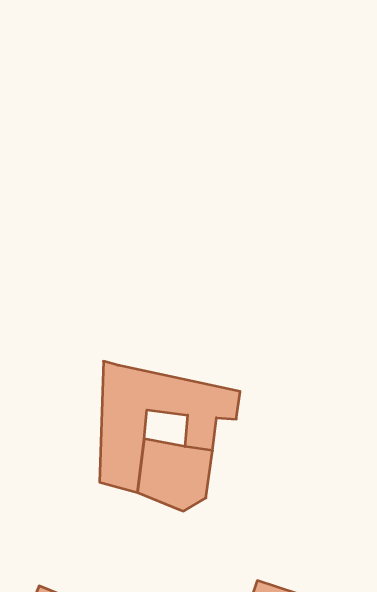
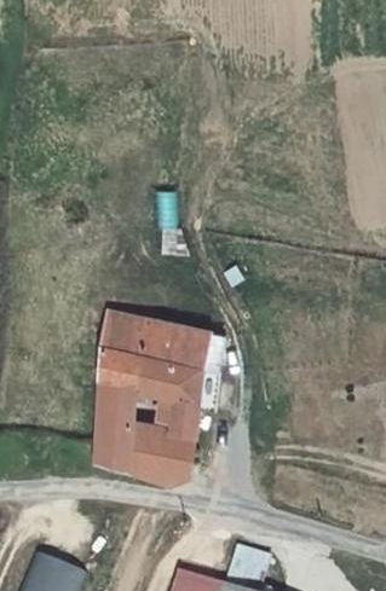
building: none -> [97,314,226,375]

